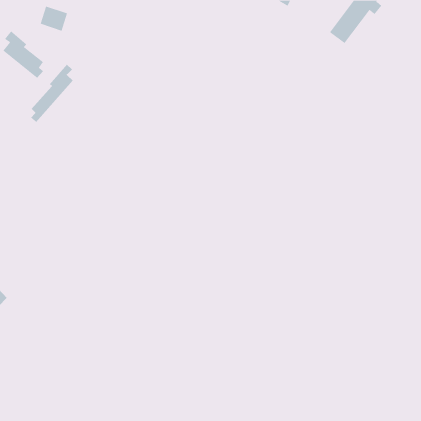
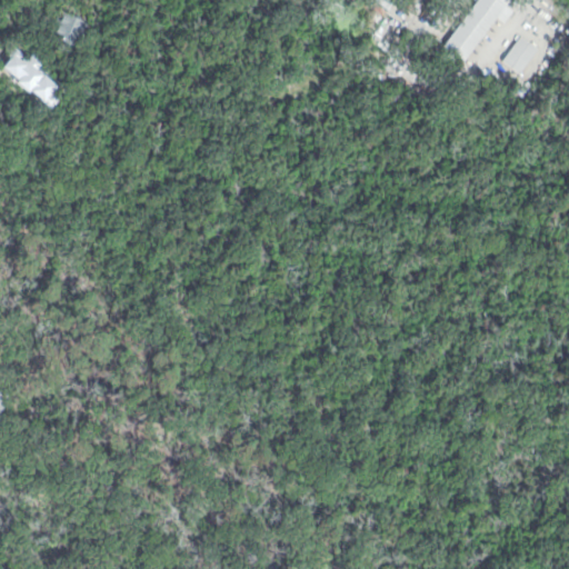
building: none -> [500,34,539,76]
building: [30,64,73,123] -> none

